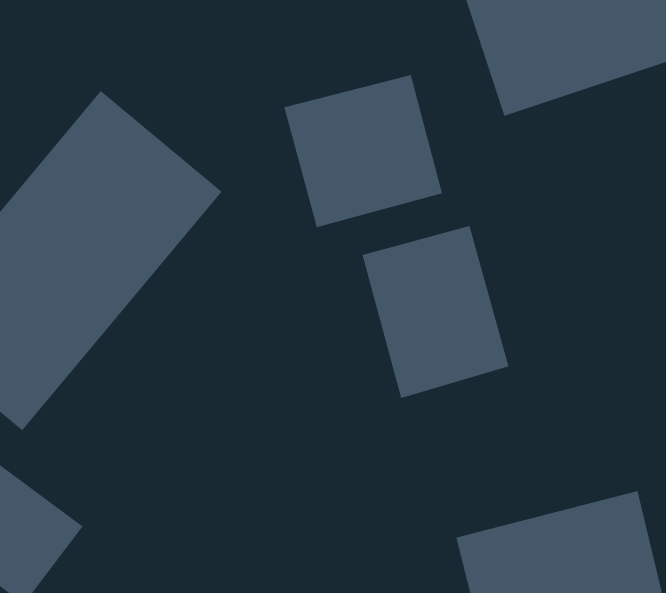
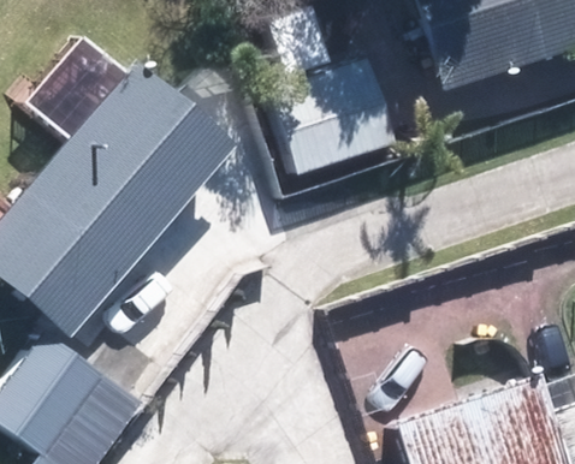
building: [362,225,509,399] -> none

